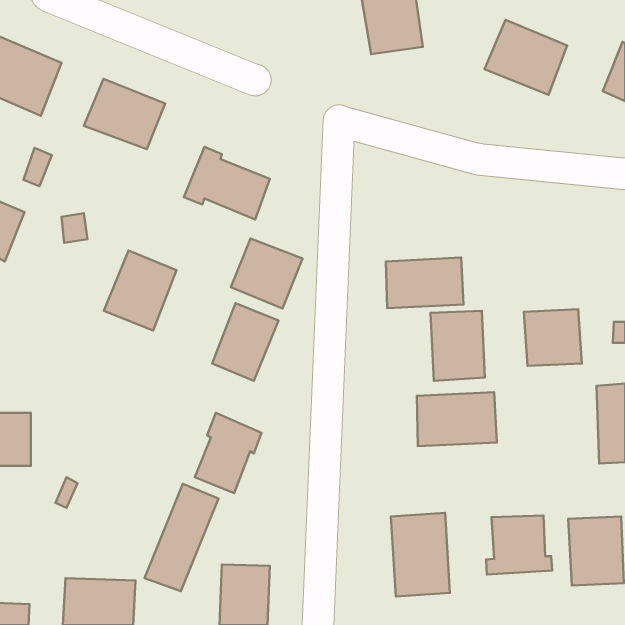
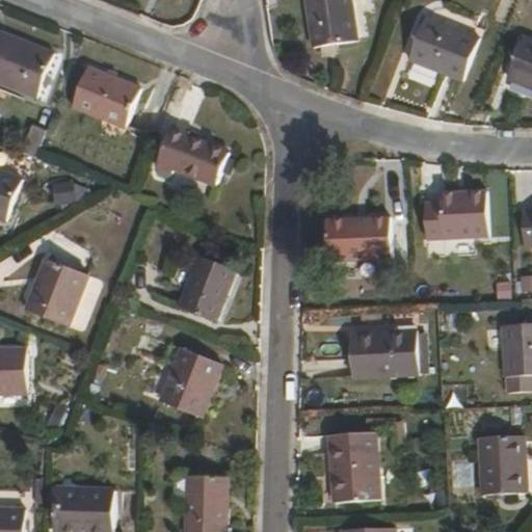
building: [231,238,302,309] -> none
building: [104,250,176,331] -> [25,258,86,325]
building: [524,309,582,366] -> [440,190,488,238]
building: [431,311,485,381] -> none
building: [144,484,218,591] -> none
building: [486,515,552,575] -> none

